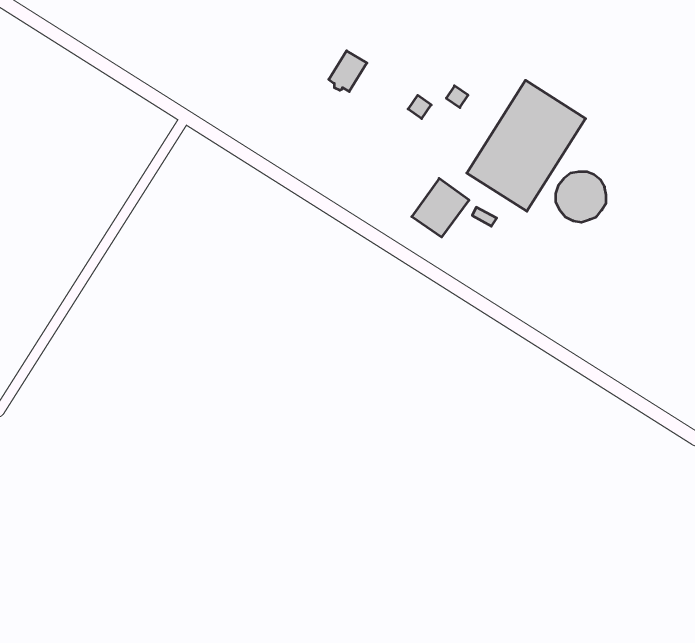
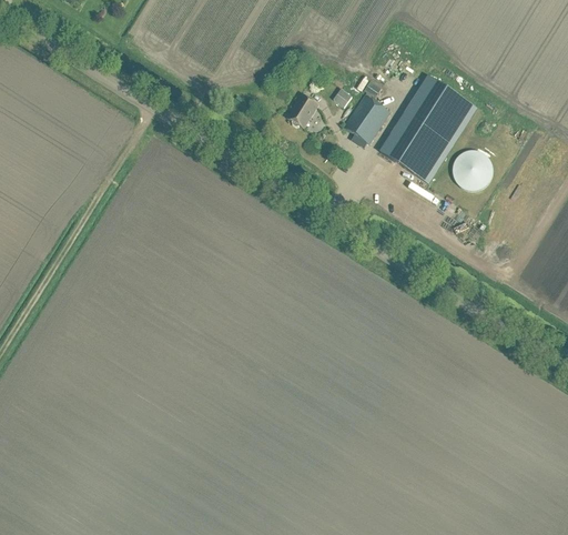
building: [329,51,367,92] -> [286,92,317,125]
building: [412,178,469,237] -> [343,93,389,141]

